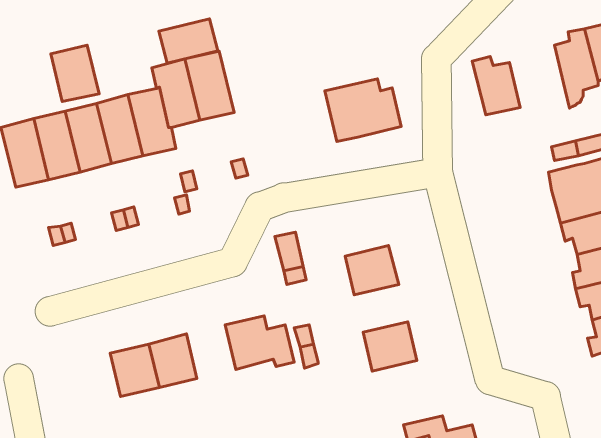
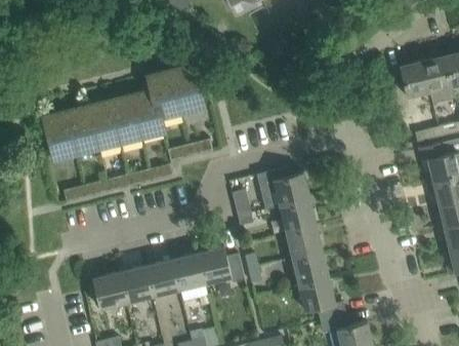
building: [159,19,218,63] -> none
building: [51,45,99,101] -> none
building: [472,57,520,115] -> [398,56,430,97]
building: [325,79,401,142] -> [257,165,309,208]
building: none -> [286,225,323,258]
building: none -> [171,253,208,302]
building: none -> [92,272,126,308]
building: none -> [298,277,346,321]

